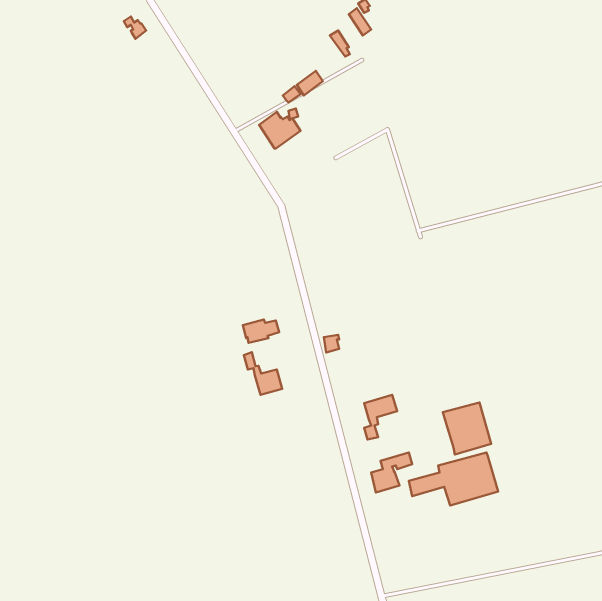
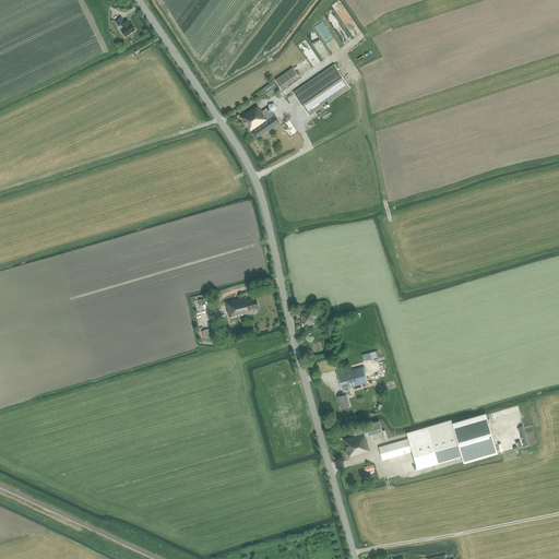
building: none -> [293,63,350,115]
building: [244,352,282,395] -> none
building: [443,403,491,454] -> [452,414,497,462]

